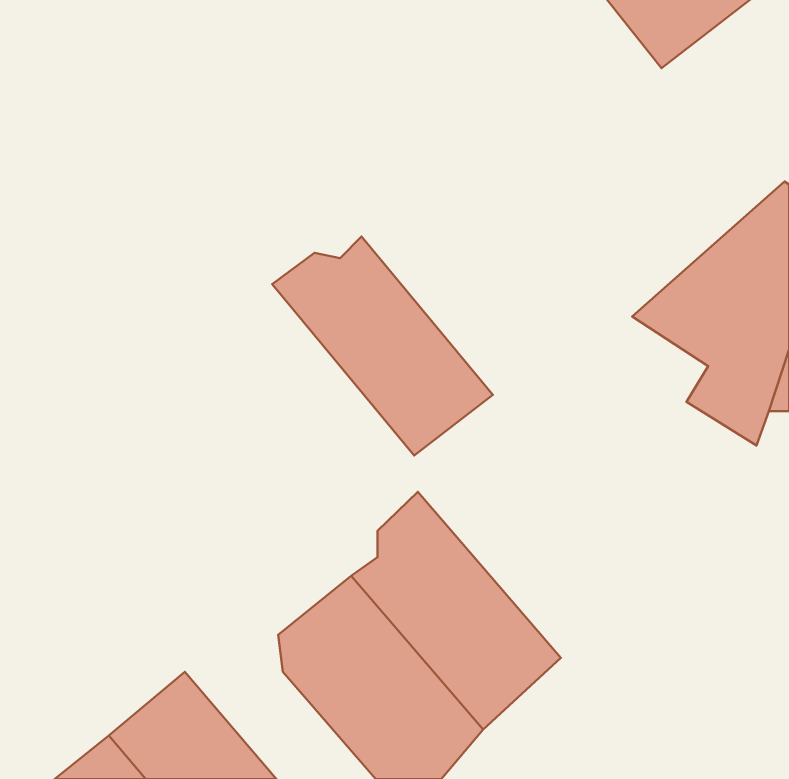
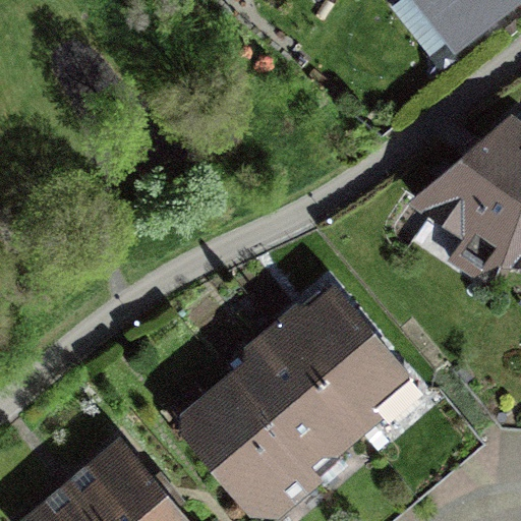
building: [272,237,493,455] -> none
building: none -> [274,283,419,431]

